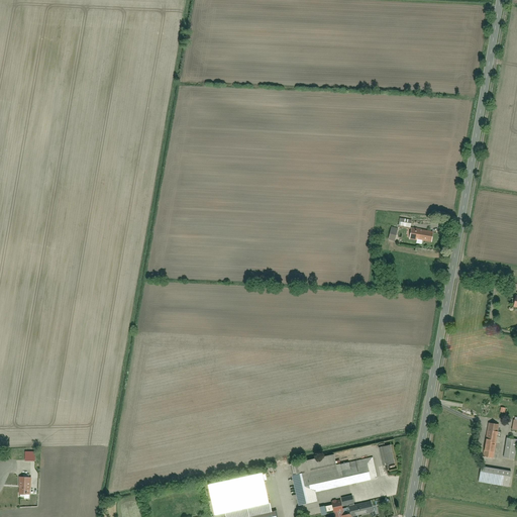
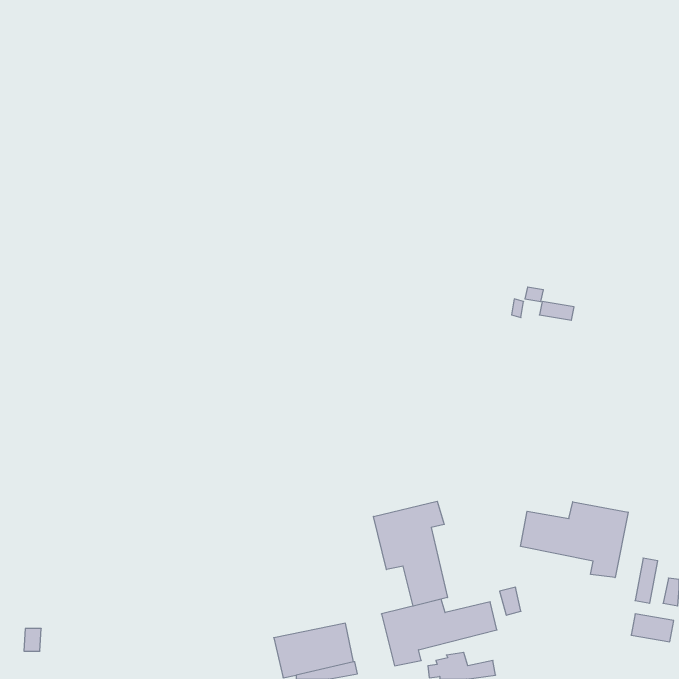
building: none -> [373,501,447,606]
building: none -> [521,502,628,578]

